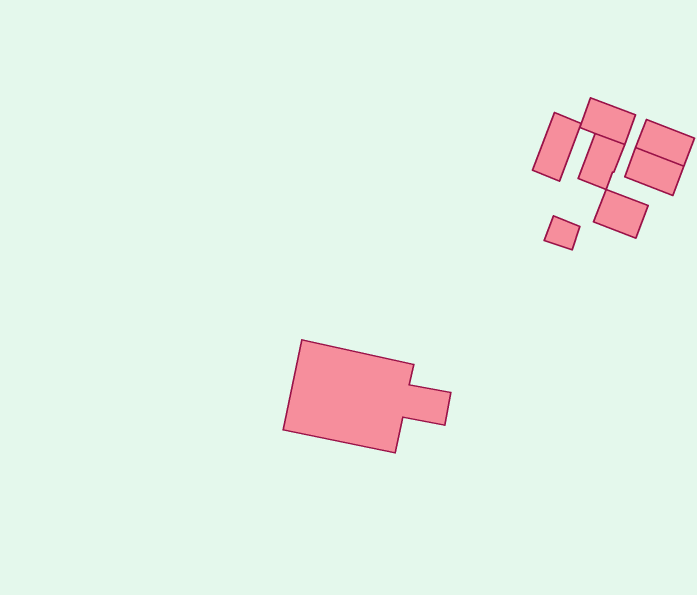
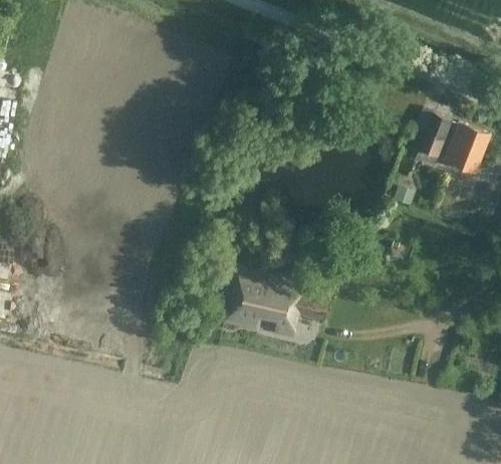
building: [532,113,581,181] -> none
building: [594,189,648,238] -> none

